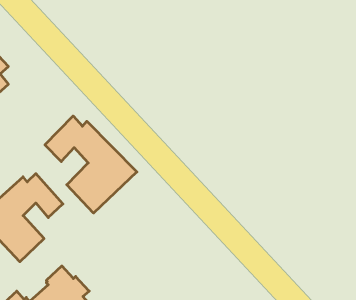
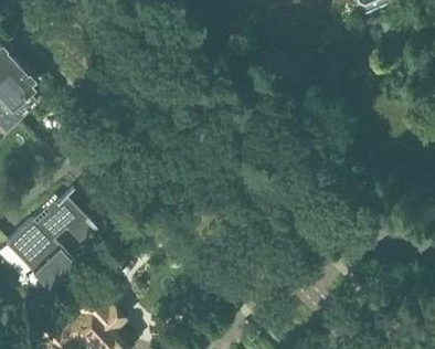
building: [45,116,137,213] -> none

